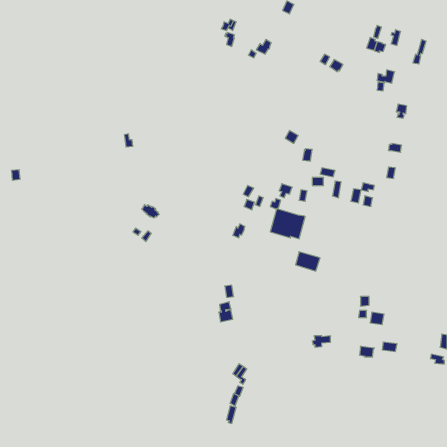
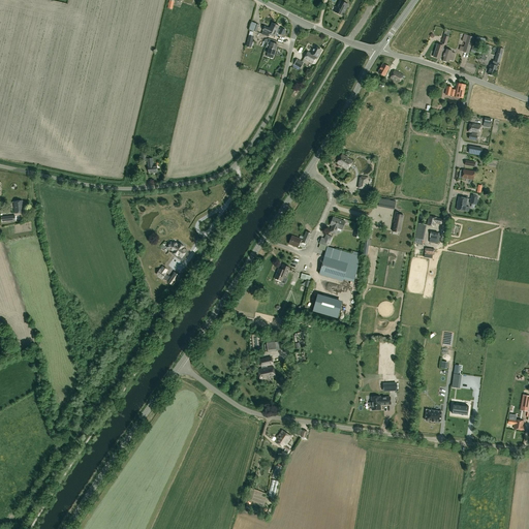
building: [296,252,320,271] -> [313,295,342,318]

